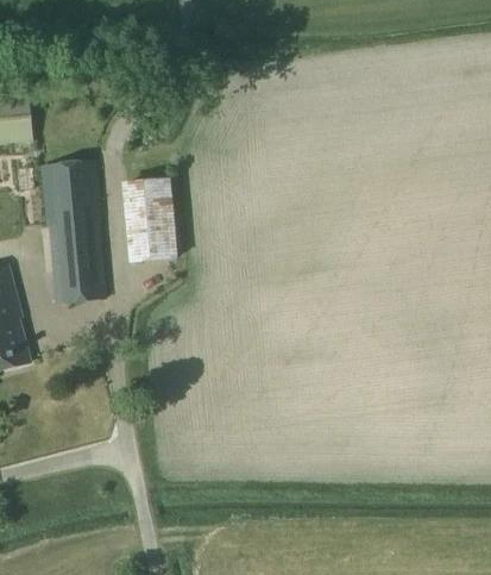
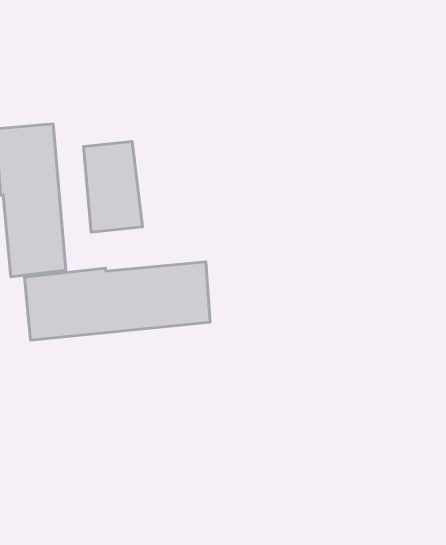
building: none -> [24,262,210,340]

